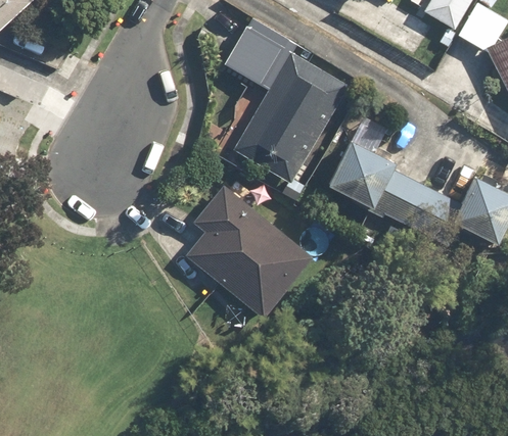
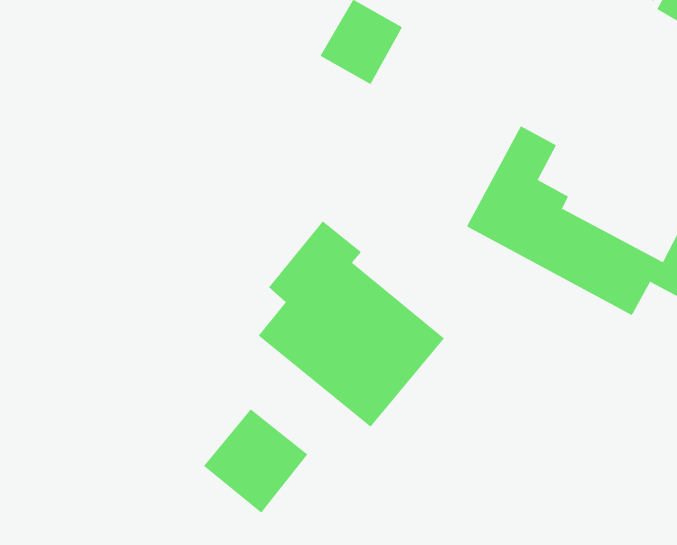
building: [232,53,347,184] -> none
building: none -> [203,408,308,514]

